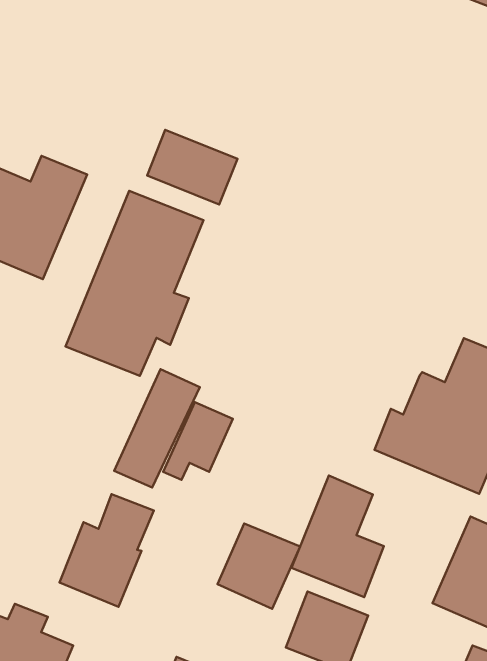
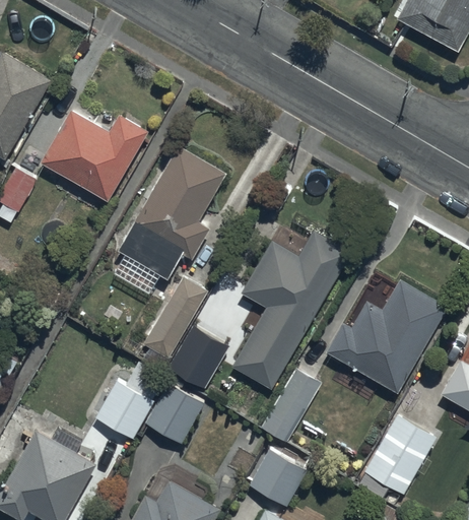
building: [147,130,237,205] -> none
building: none -> [231,232,350,391]
building: [217,523,300,609] -> [143,383,205,446]

